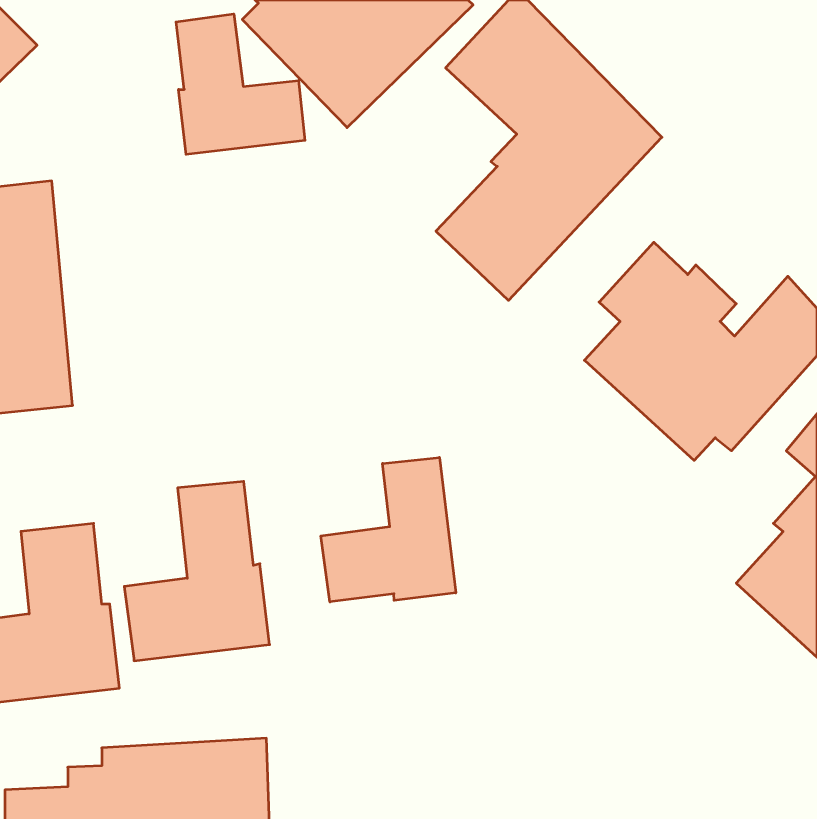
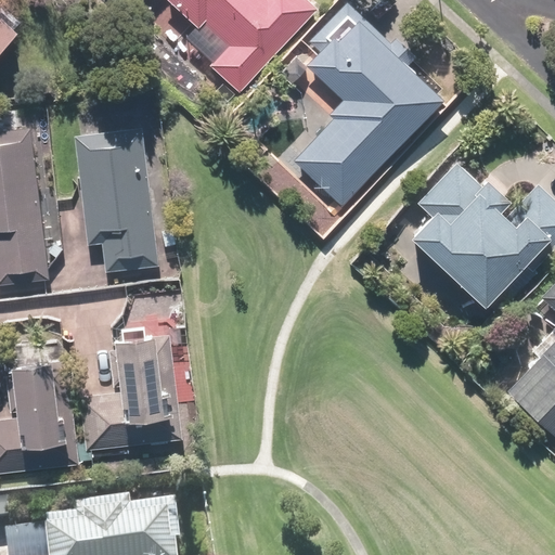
building: [176,14,305,154] -> none
building: none -> [76,126,158,271]
building: [321,457,456,602] -> none

